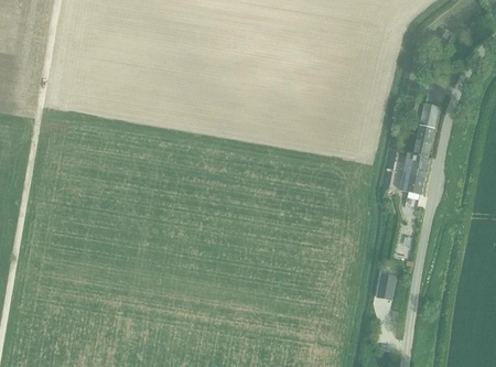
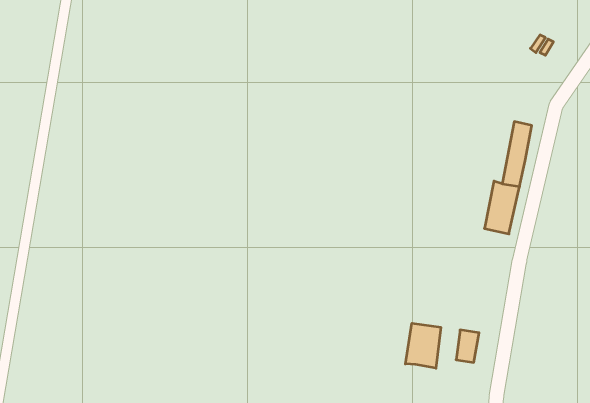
building: none -> [405,323,441,368]

